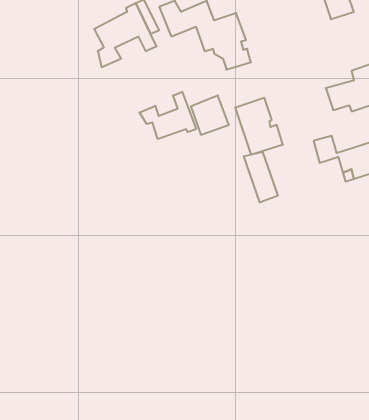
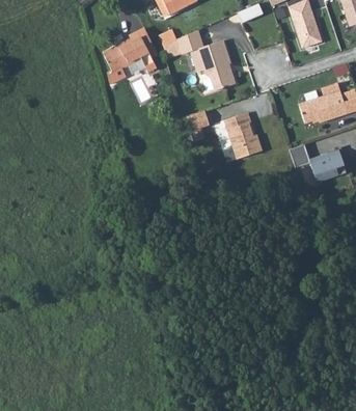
building: [139,92,196,139] -> none
building: [244,152,278,202] -> none

